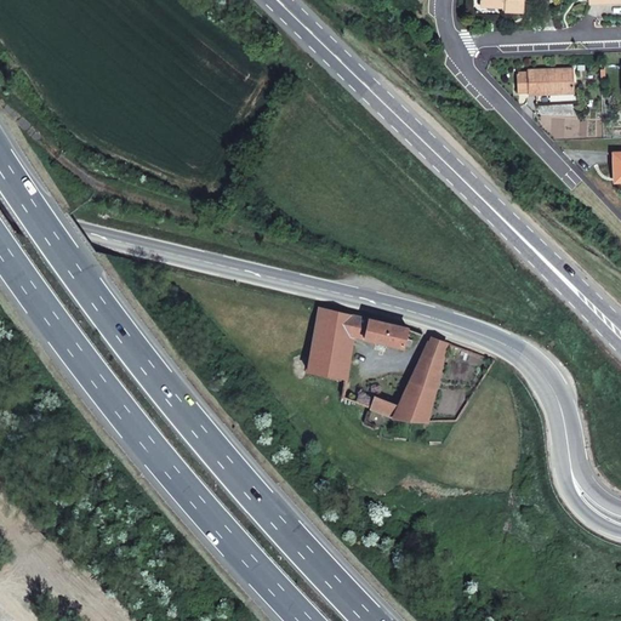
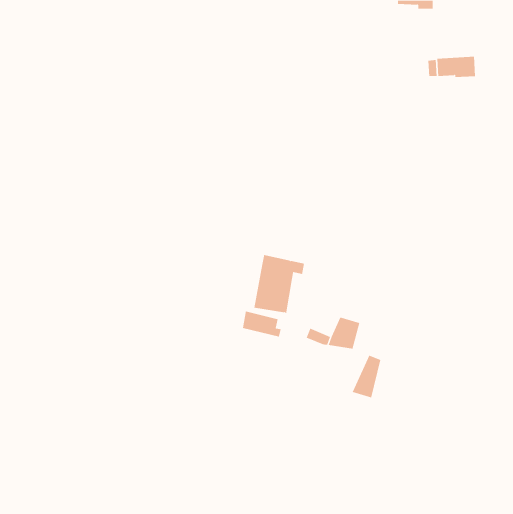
building: [364,318,411,349] -> [242,311,281,337]
building: [410,337,445,389] -> [352,355,381,398]

